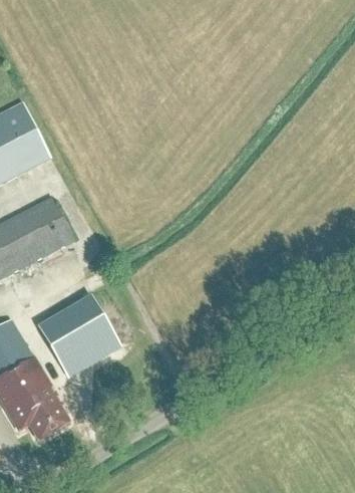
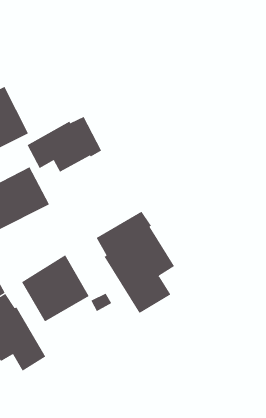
building: none -> [27,116,102,172]
building: none -> [96,211,175,314]

